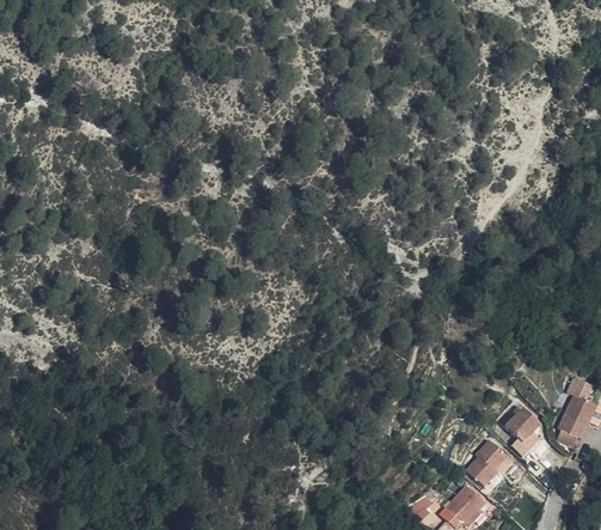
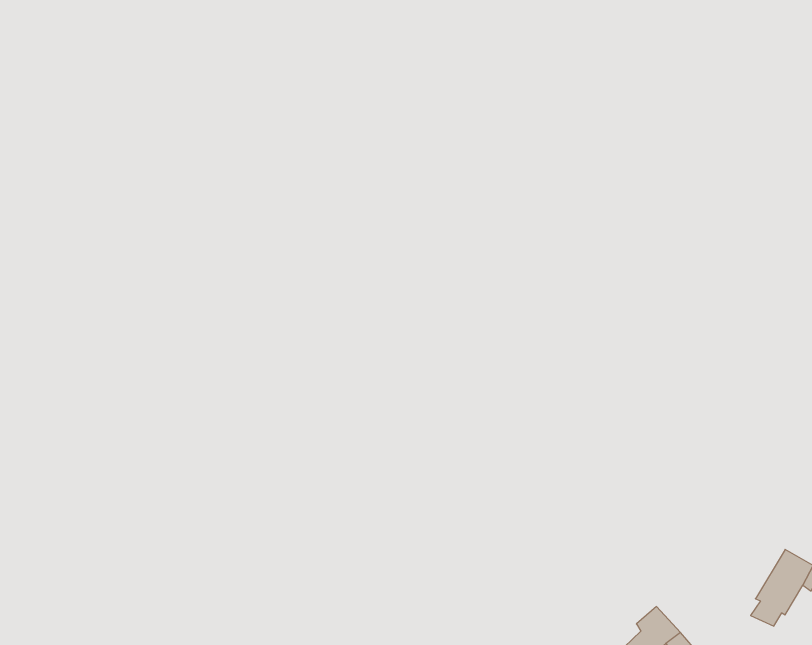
building: [502,407,538,458] -> none

